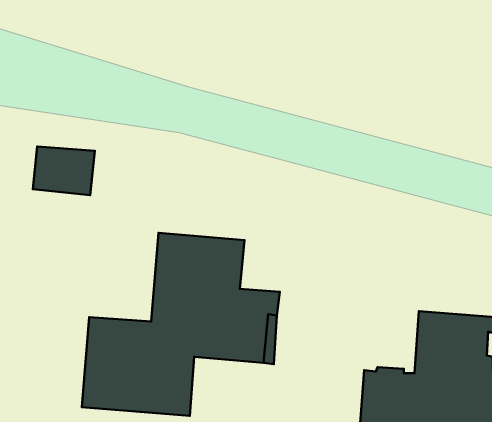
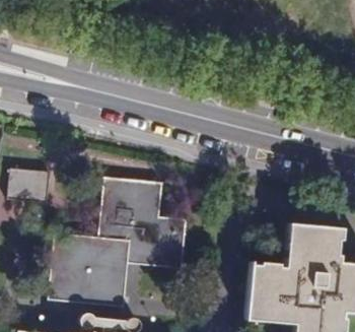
building: [33,146,95,195] -> [14,168,57,201]

